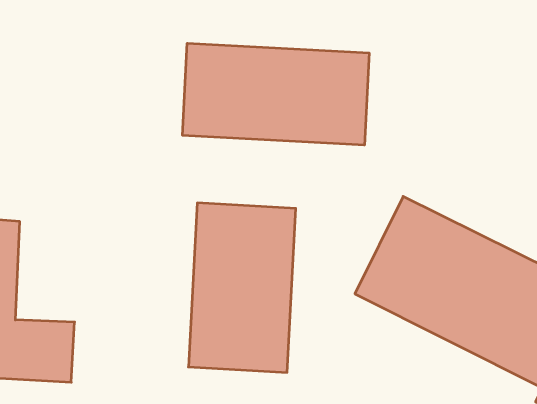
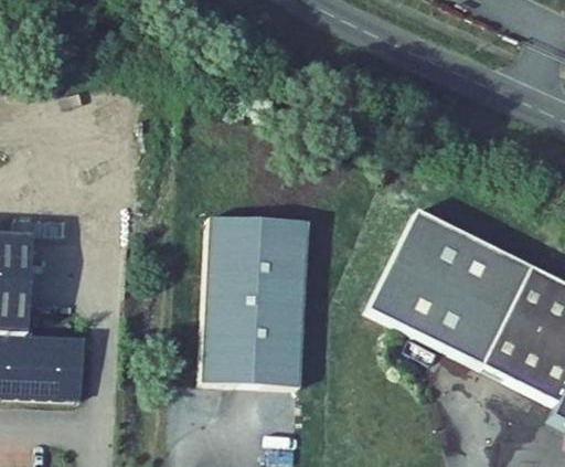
building: [183,43,369,145] -> none

